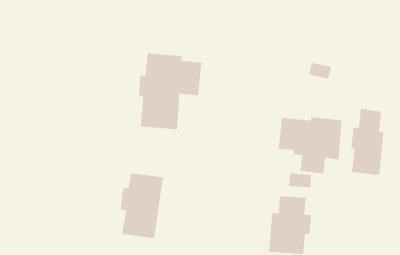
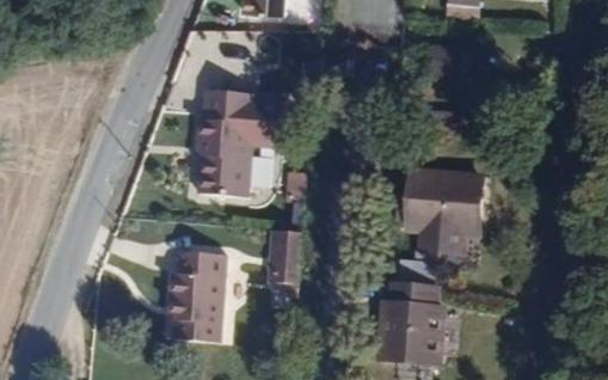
building: [351,108,384,176] -> none
building: none -> [268,229,303,281]

